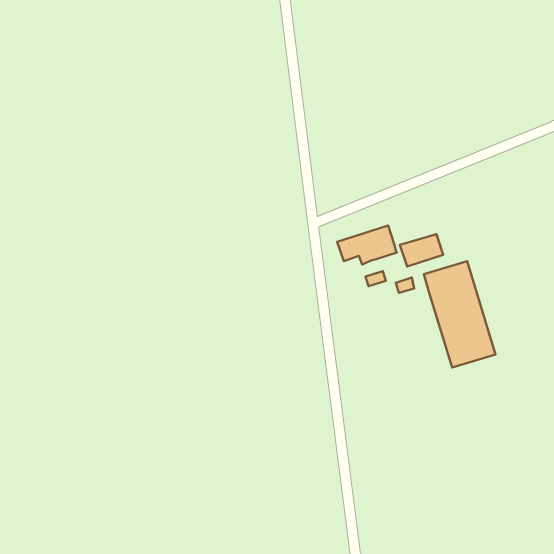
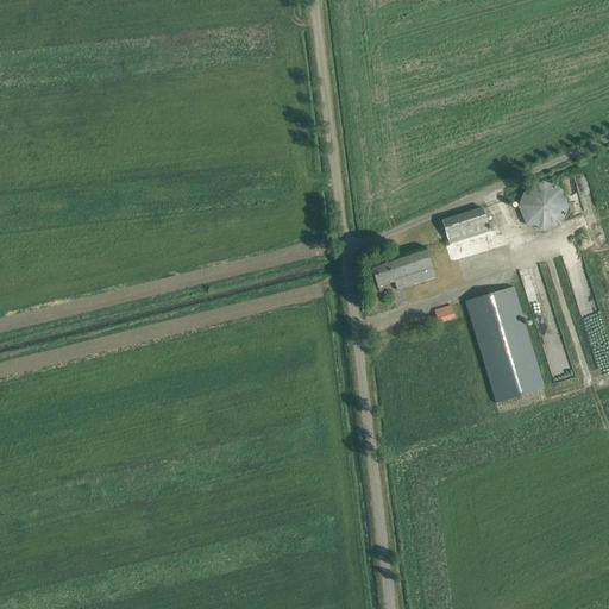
building: none -> [520,183,566,230]
building: [400,234,443,267] -> [441,208,489,244]

